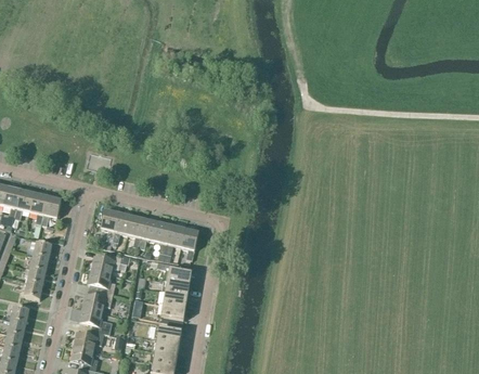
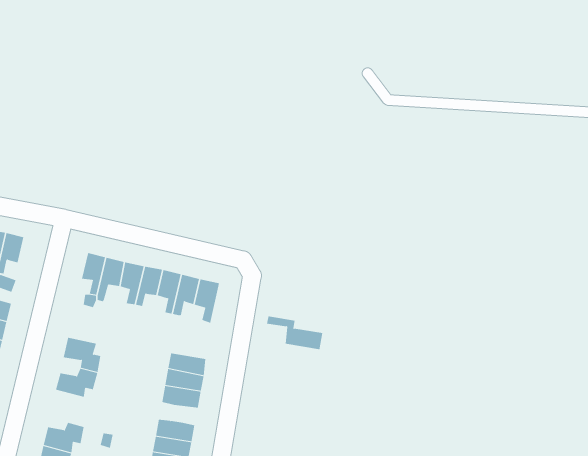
building: [91,253,139,273] -> none
building: [151,260,191,284] -> [266,316,323,350]
building: [79,306,111,332] -> none

